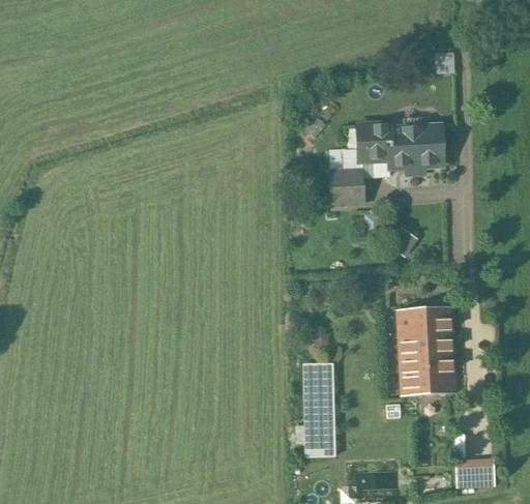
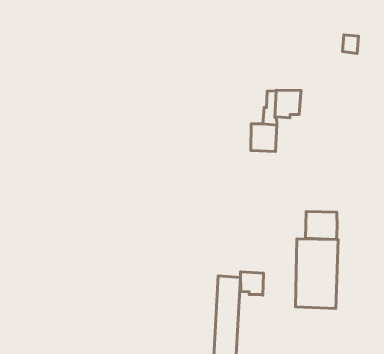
building: [389,126,442,168] -> none
building: none -> [306,211,337,240]
building: none -> [240,272,263,295]

